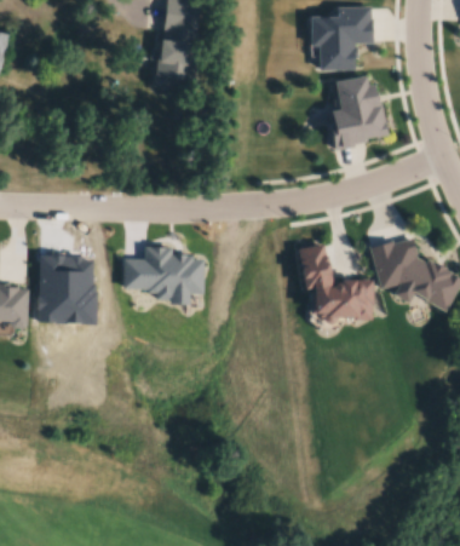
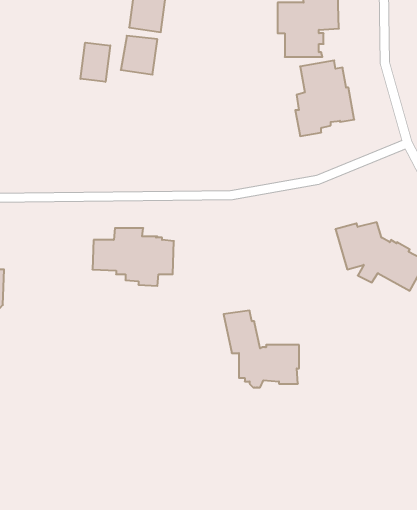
building: none -> [80,43,110,82]
building: [297,245,374,323] -> [224,311,299,387]
building: [39,254,99,324] -> none

